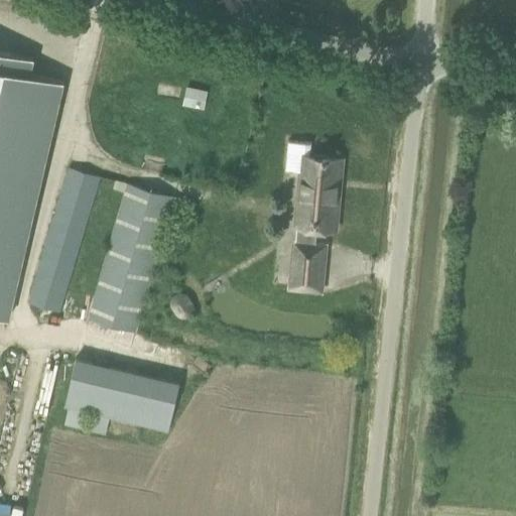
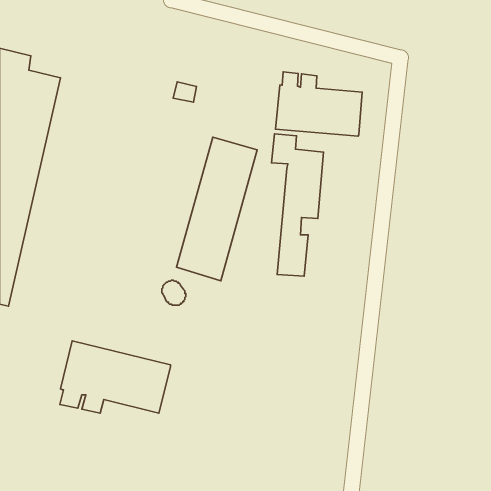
building: none -> [276,72,362,136]
building: [28,168,103,312] -> none
building: [89,184,173,335] -> [176,137,257,281]

